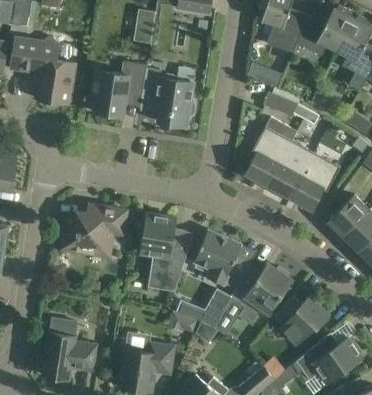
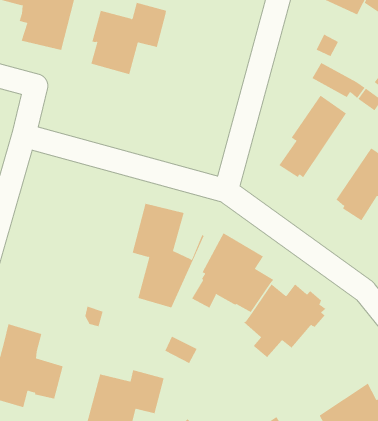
building: [140,68,192,127] -> none
building: [265,129,314,198] -> none
building: [62,204,127,256] -> none
building: [178,288,232,328] -> none
building: [275,295,330,344] -> none

